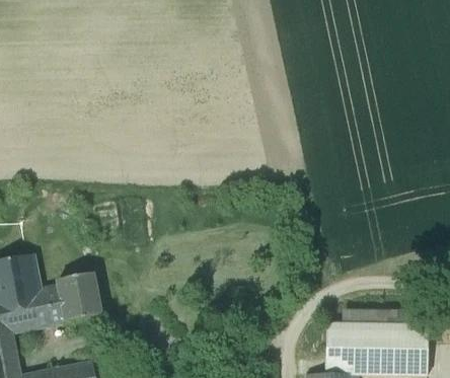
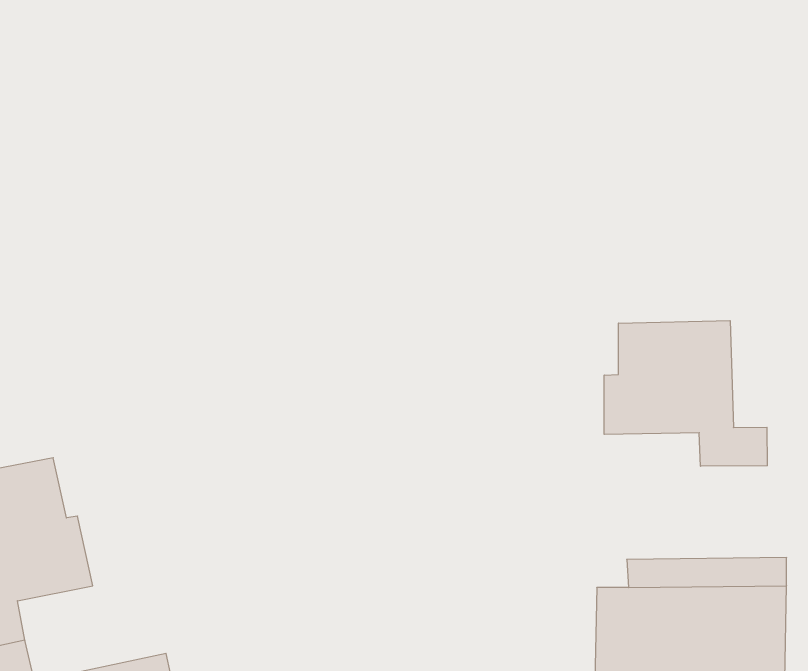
building: none -> [604,321,767,466]
building: [46,274,101,324] -> none

